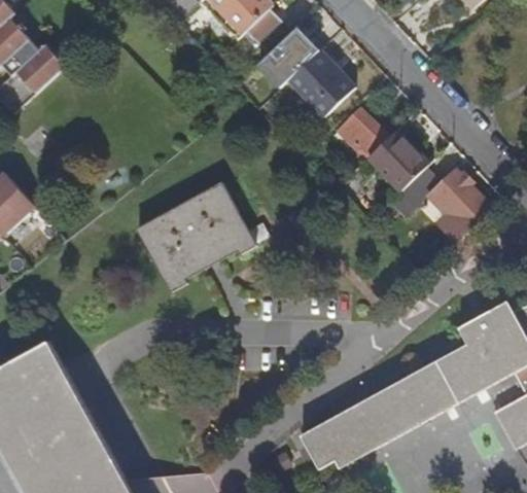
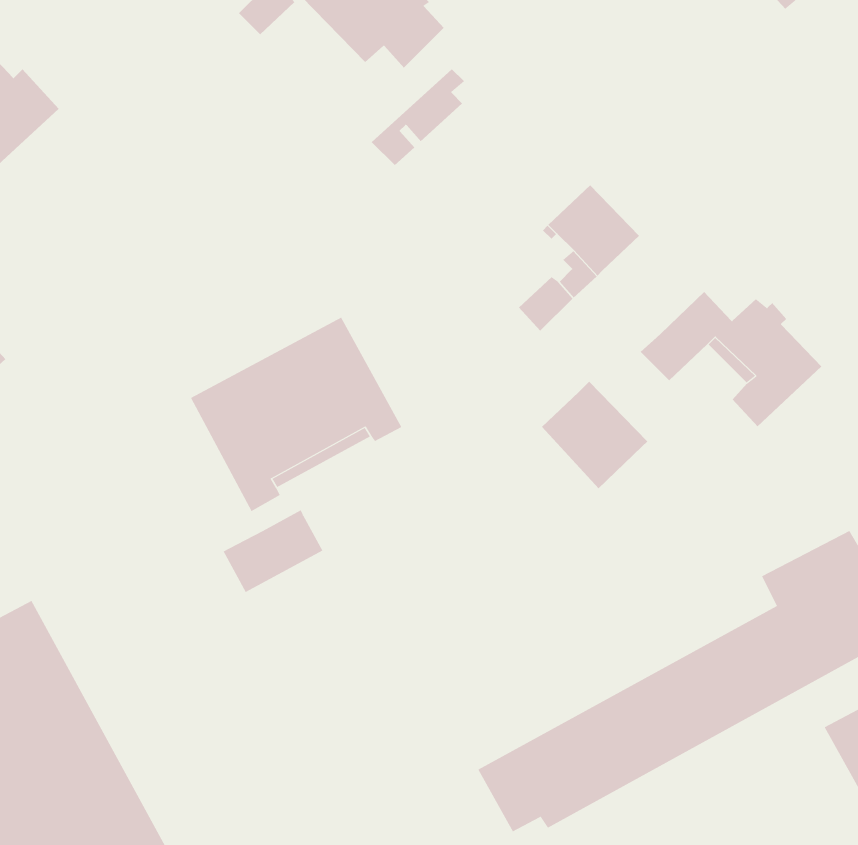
building: [287,50,353,117] -> none
building: [367,131,427,191] -> [541,381,648,489]
building: none -> [223,509,323,593]

